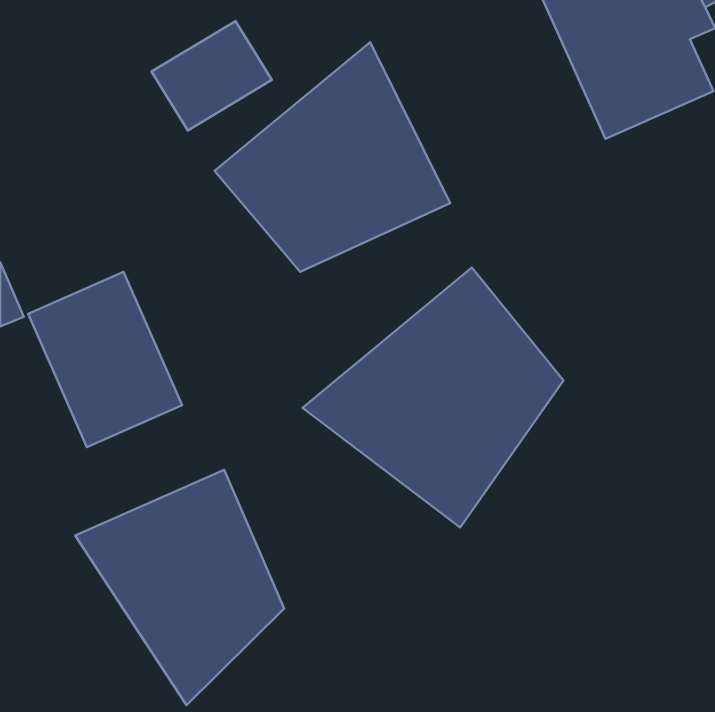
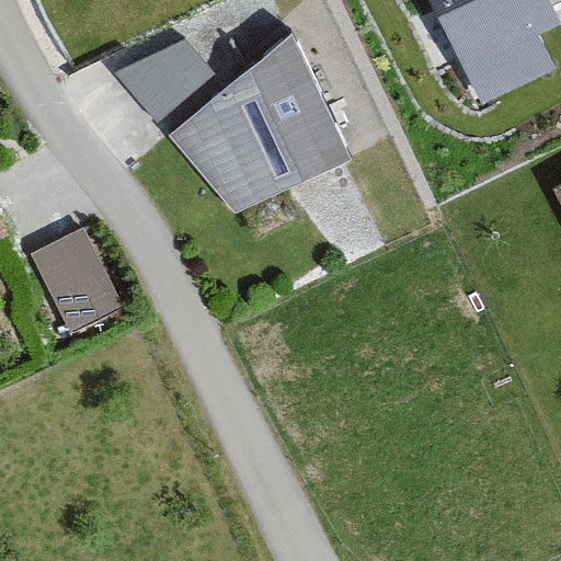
building: [302,267,564,527] -> none
building: [75,470,284,705] -> none

